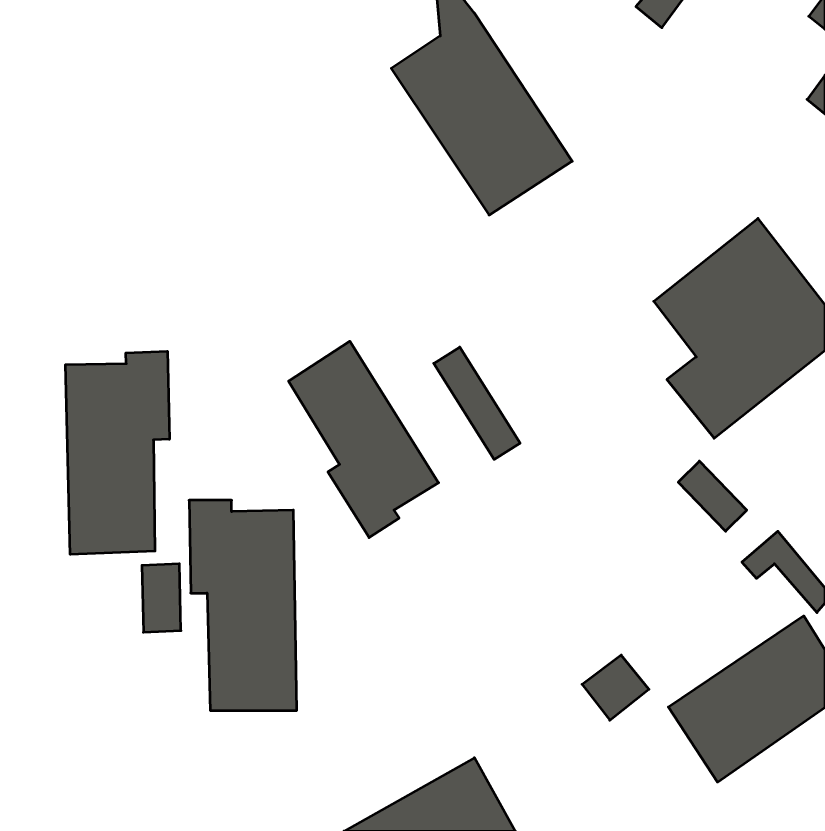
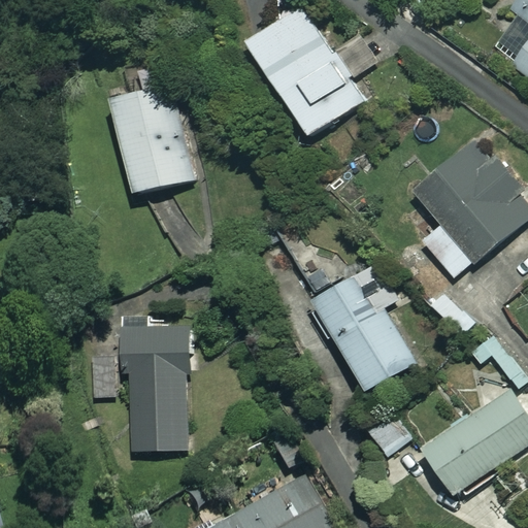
building: none -> [112,86,194,195]
building: [289,341,439,538] -> none
building: [66,351,169,554] -> none
building: none -> [311,266,415,391]

